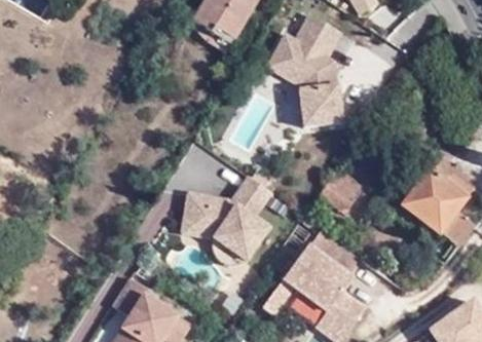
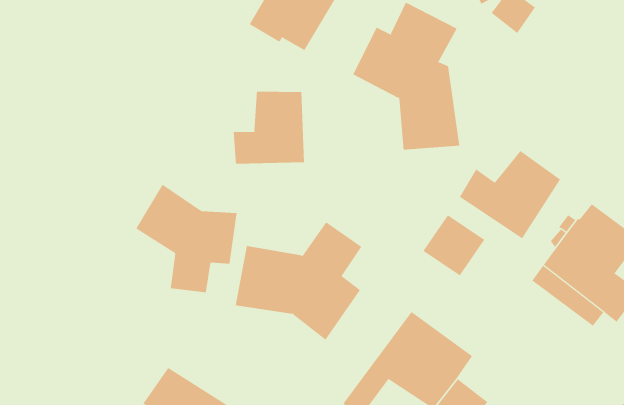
building: none -> [233,91,305,165]
building: none -> [459,150,561,239]
building: none -> [135,184,237,293]

